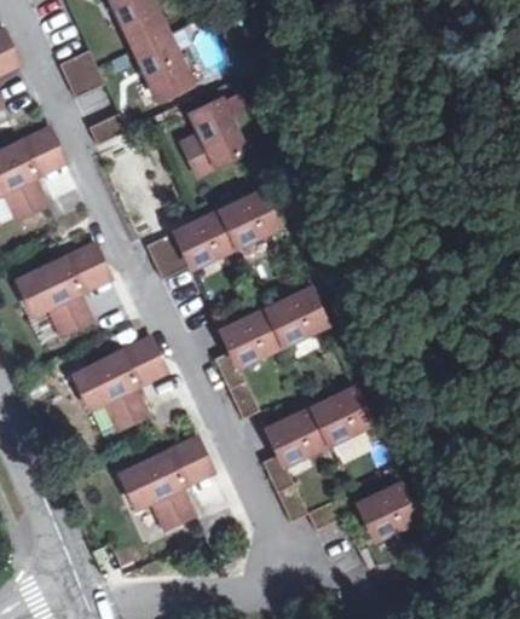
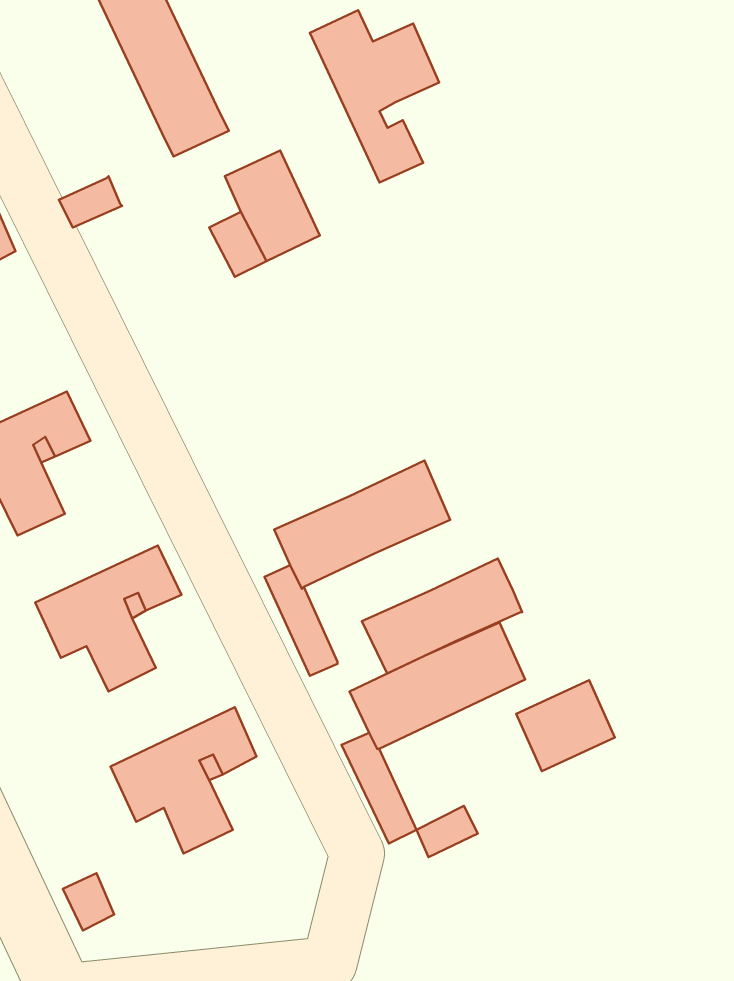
building: none -> [310,10,439,183]
building: [59,51,104,98] -> none
building: [145,189,282,279] -> none
building: none -> [362,559,522,674]
building: [358,484,418,539] -> [516,680,615,771]

